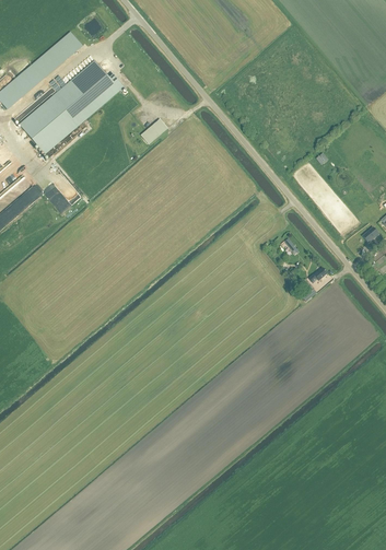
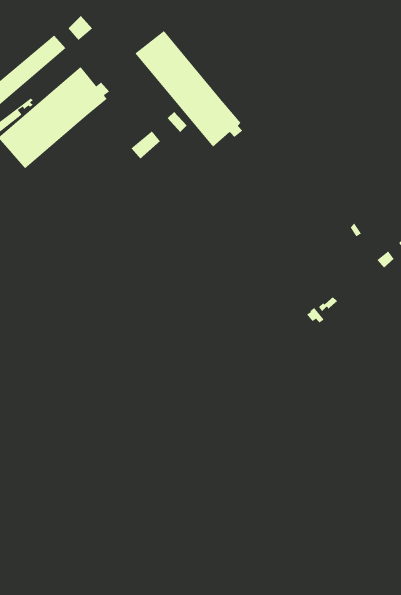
building: none -> [135,30,243,148]

